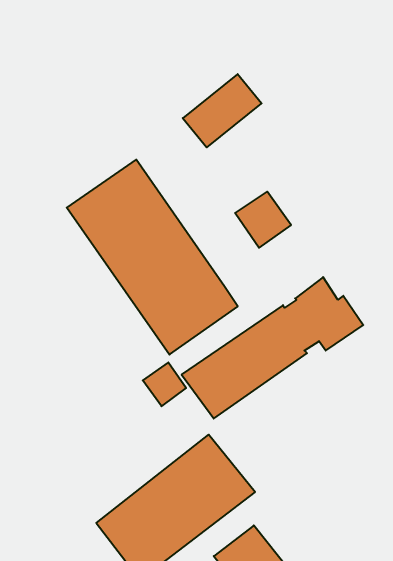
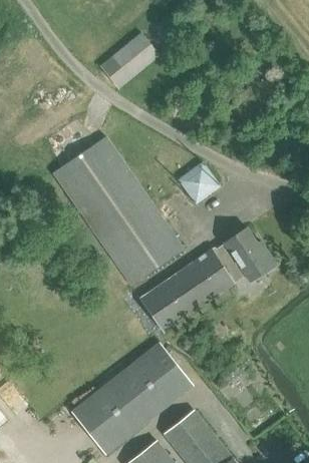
building: [183,74,262,147] -> [99,32,159,87]
building: [143,362,186,406] -> none

